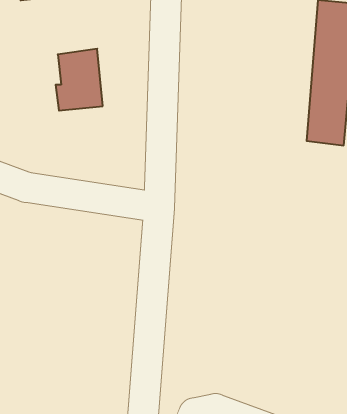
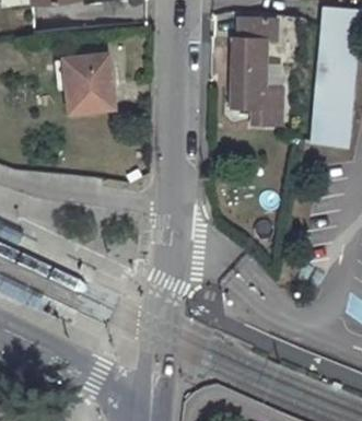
building: none -> [231,19,279,122]

